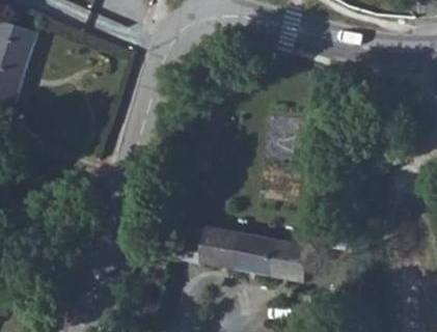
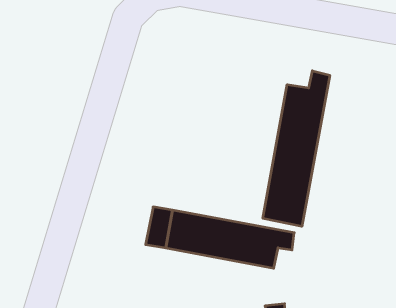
building: none -> [263,71,330,226]

